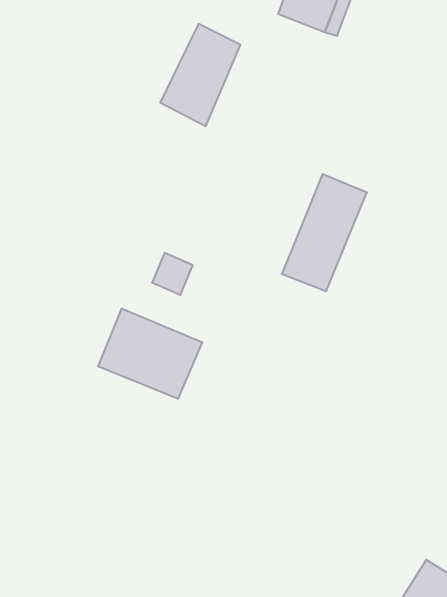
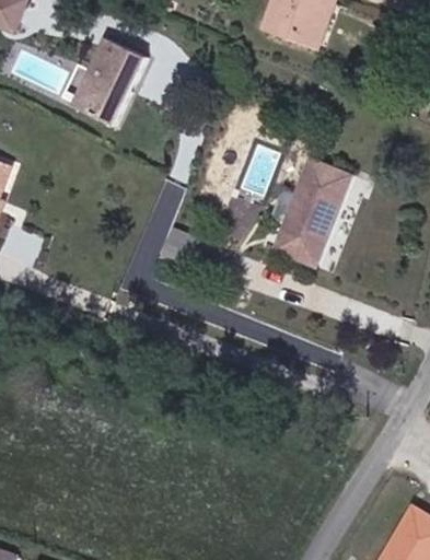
building: [160,24,240,126] -> [77,38,148,129]
building: [98,309,202,399] -> none

